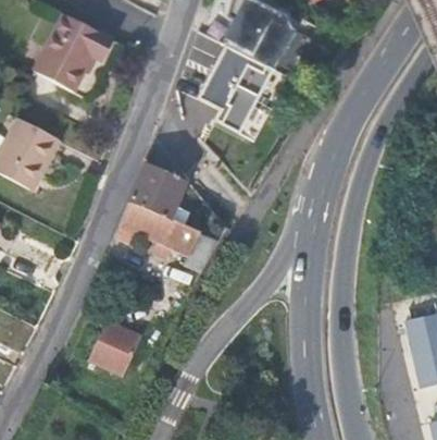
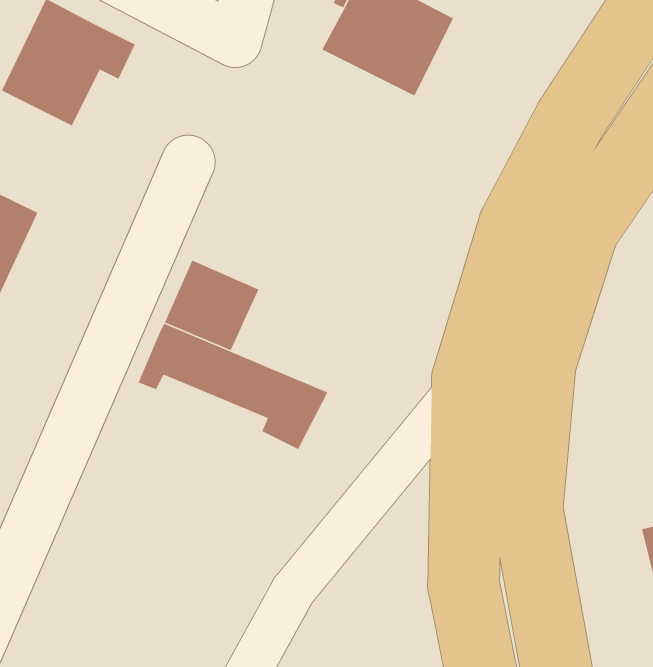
building: [199,46,273,133] -> none
building: [90,320,142,375] -> none

